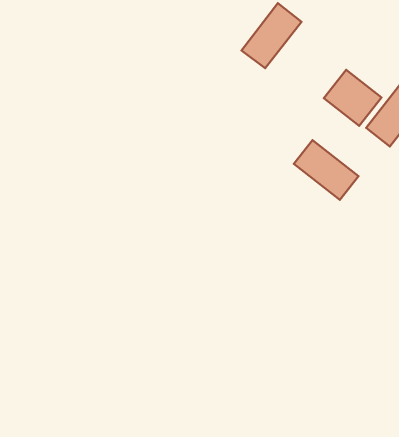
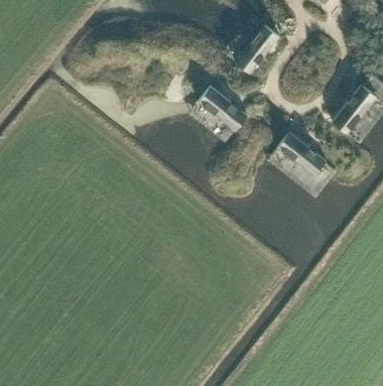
building: [324,70,382,126] -> none
building: none -> [200,88,249,132]

